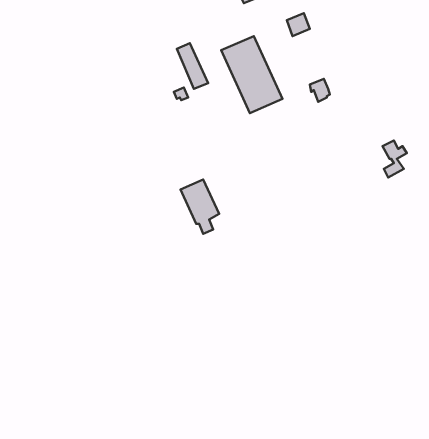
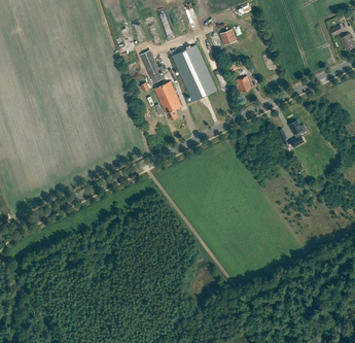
building: [180,180,219,234] -> [154,81,182,121]

